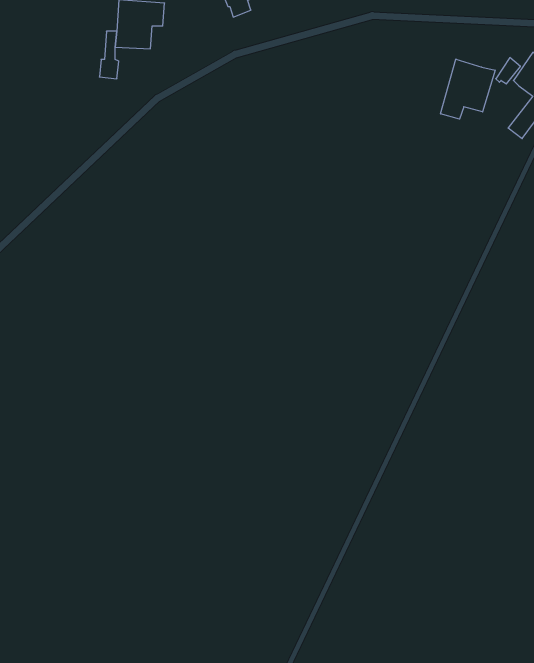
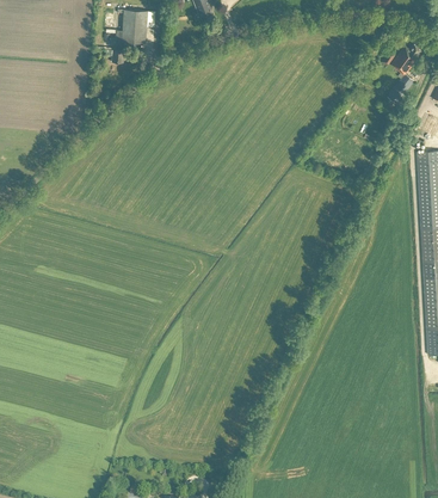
building: [441,59,495,119] -> none

